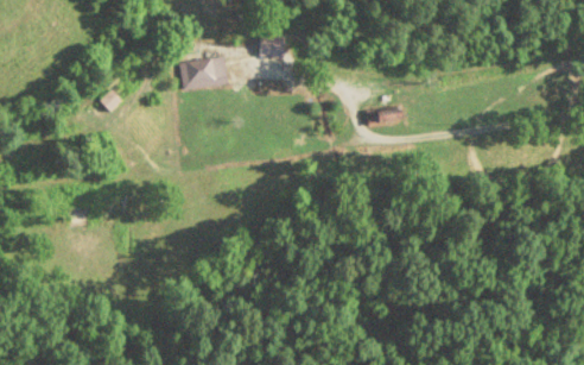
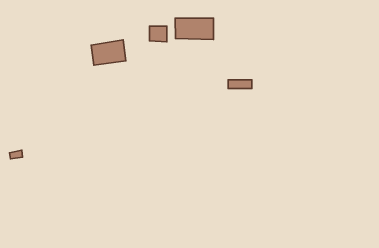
building: none -> [175,18,214,40]

